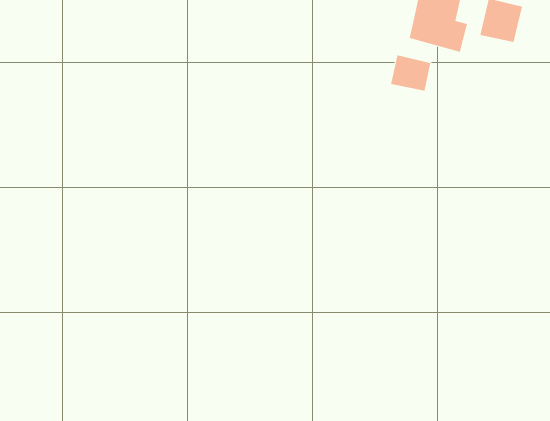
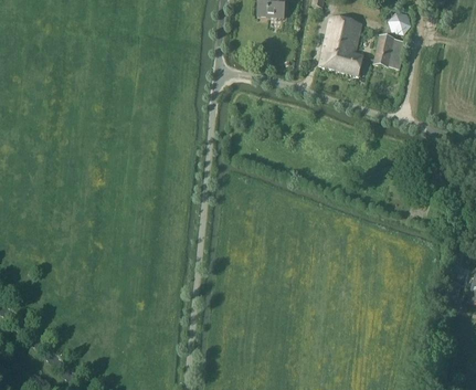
building: [390,55,431,91] -> none

